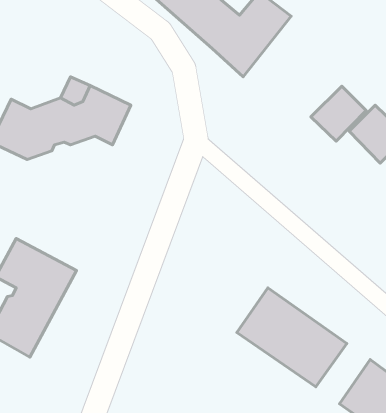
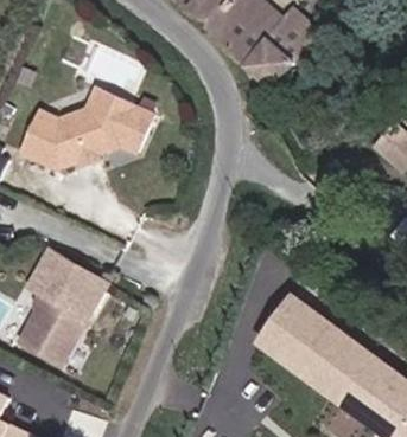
building: [311,86,366,141] -> none
building: none -> [333,347,386,405]

